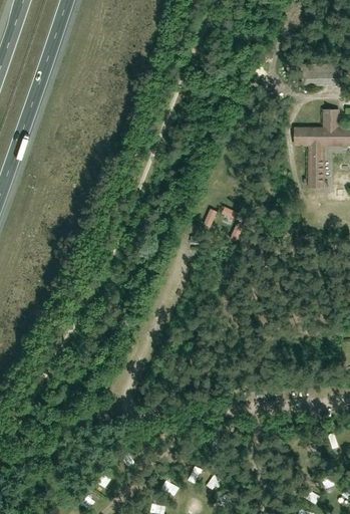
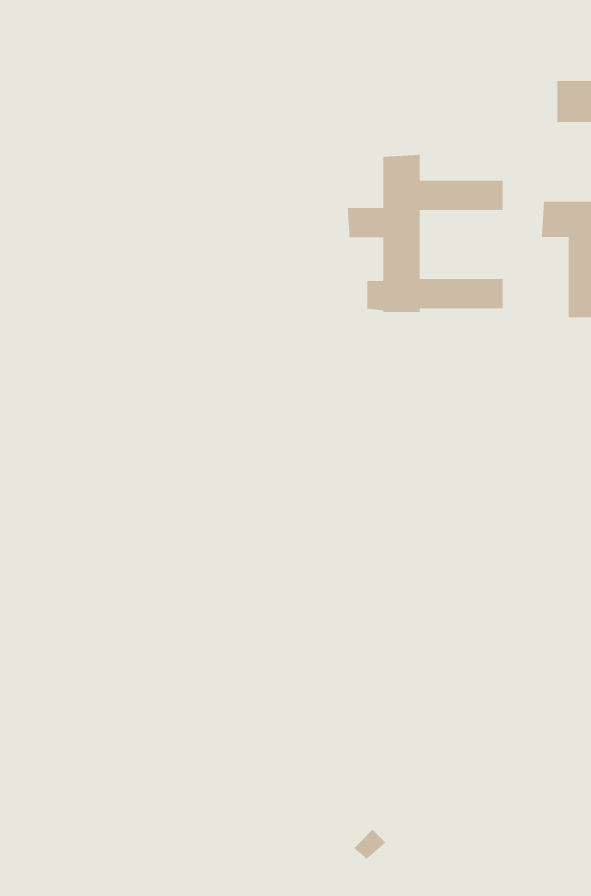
building: none -> [347,154,503,313]

